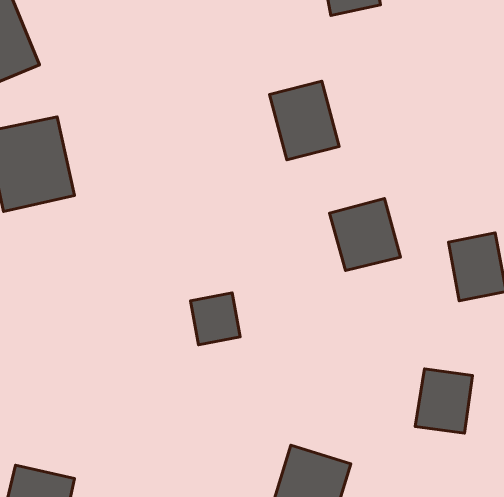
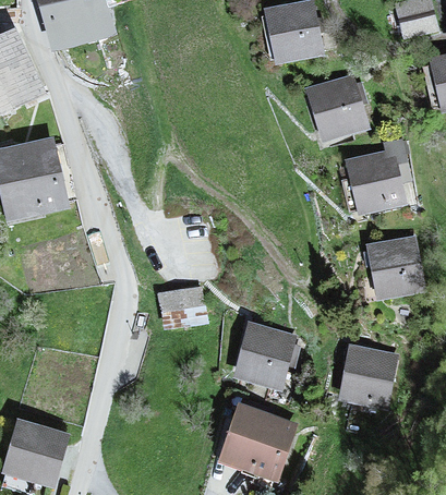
building: [270,81,339,160] -> [308,77,364,142]
building: [330,198,400,270] -> [347,148,405,207]
building: none -> [234,327,287,383]

